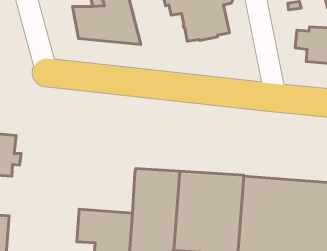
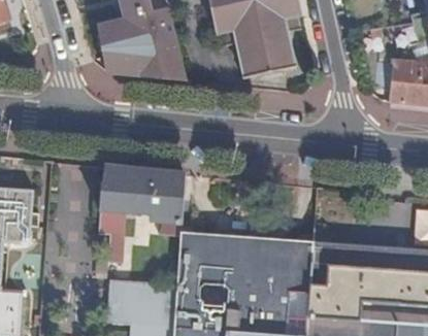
building: none -> [98,166,185,237]

